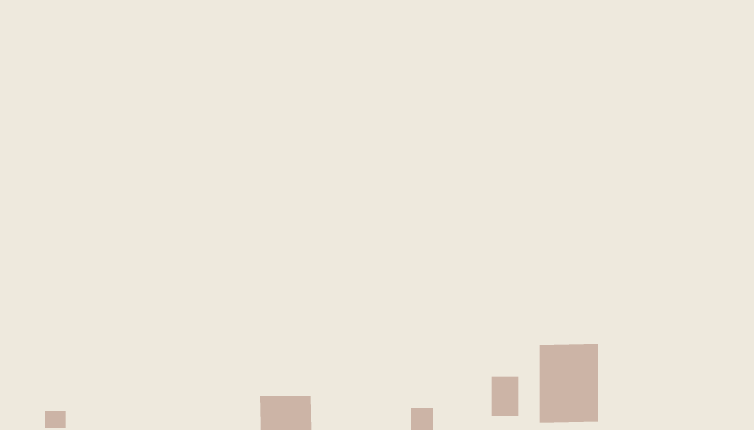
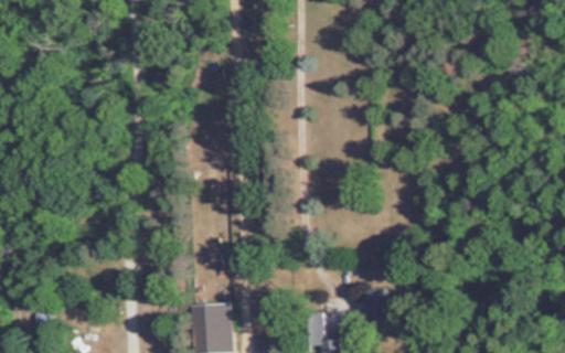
building: [539,343,598,423] -> none

